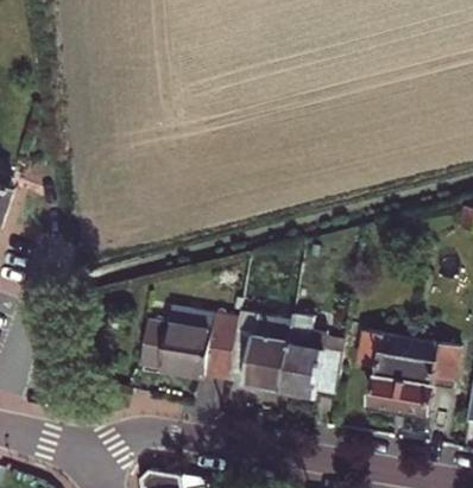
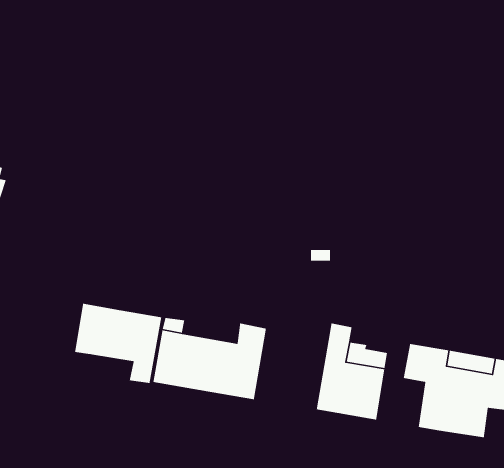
building: none -> [74,303,162,384]
building: [227,312,292,391] -> none

